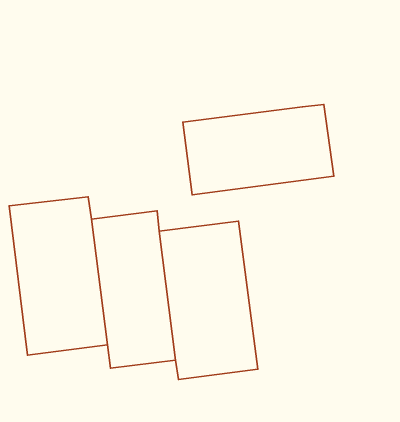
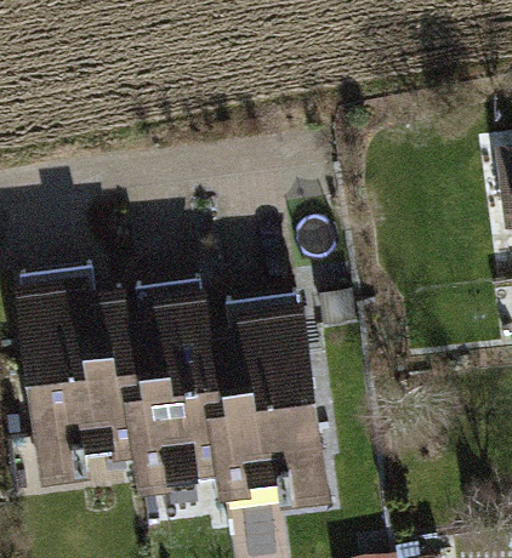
building: [183,104,334,195] -> none

